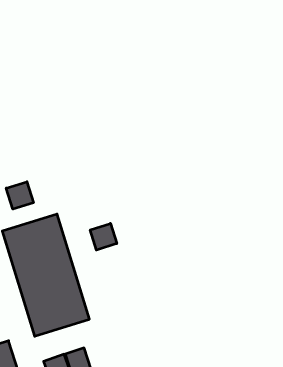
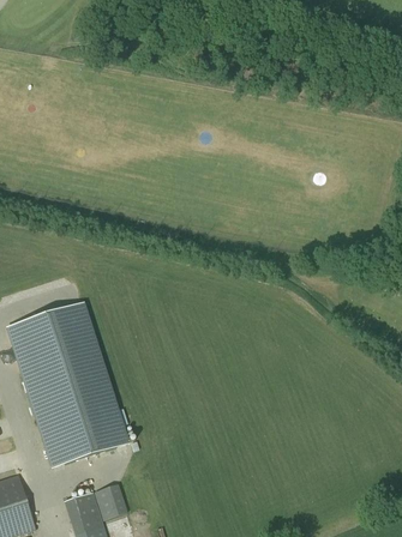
building: [6,182,33,209] -> none
building: [90,223,117,250] -> none

